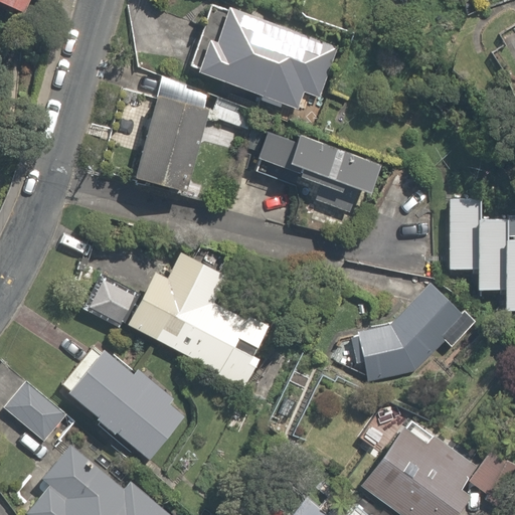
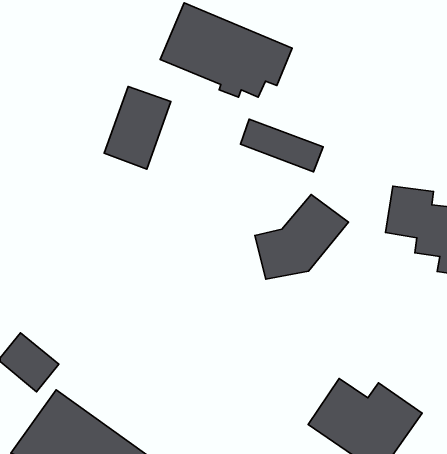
building: [91,251,276,385] -> none
building: [358,286,464,381] -> [255,195,348,279]
building: [68,349,186,461] -> none

